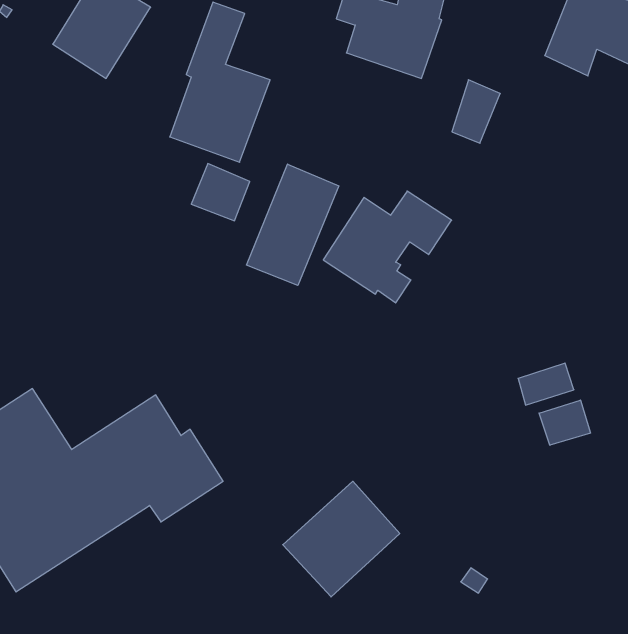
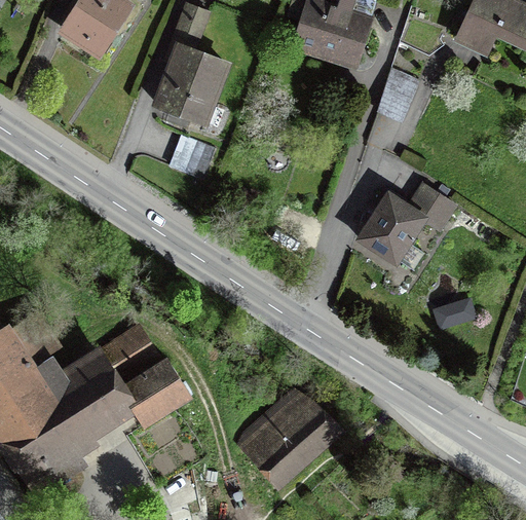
building: [247,164,339,285] -> none
building: [323,191,452,303] -> [354,178,458,268]
building: [539,400,590,445] -> none

